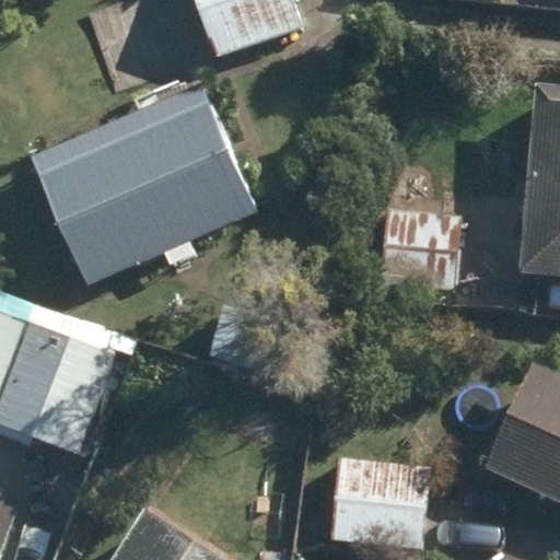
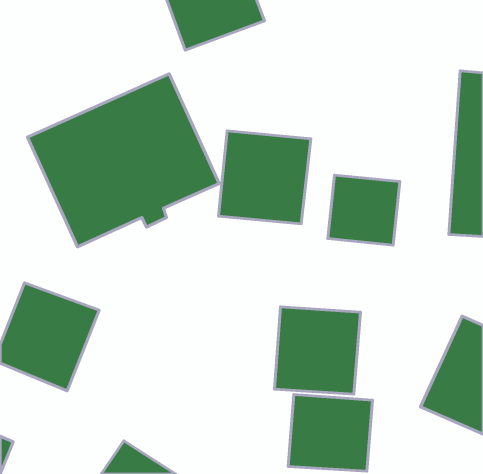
building: none -> [219,131,311,224]
building: none -> [274,307,361,394]

